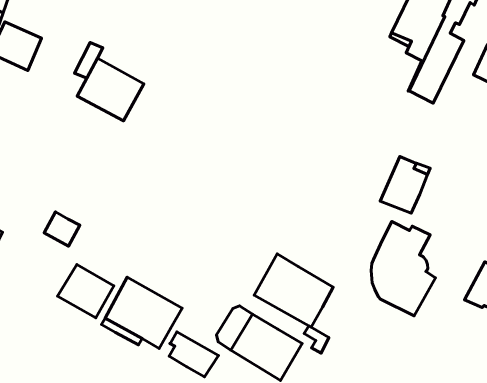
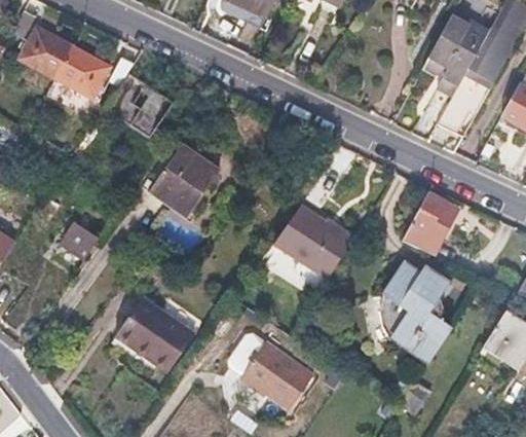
building: none -> [52,44,106,96]
building: none -> [149,140,215,206]
building: [254,254,333,327] -> [269,202,350,279]
building: [57,264,114,318] -> none
building: [169,332,219,377] -> none

